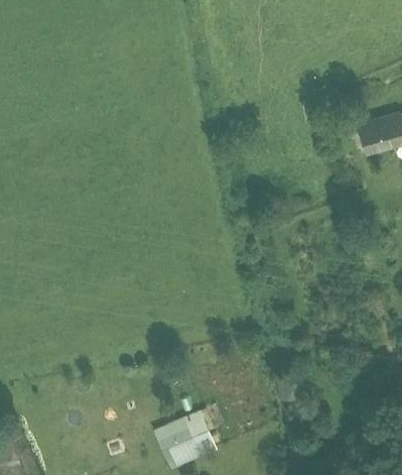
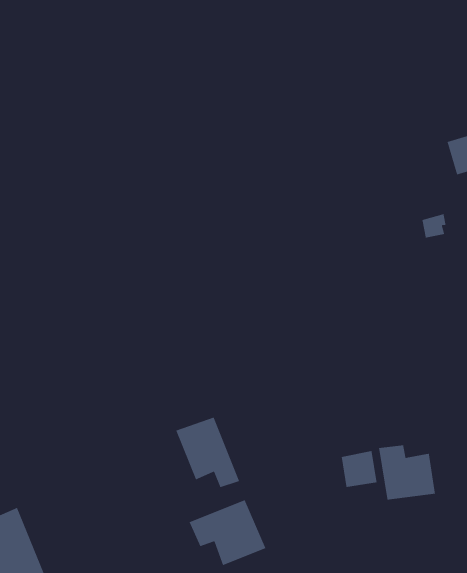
building: none -> [175,416,240,488]
building: none -> [378,445,436,501]

